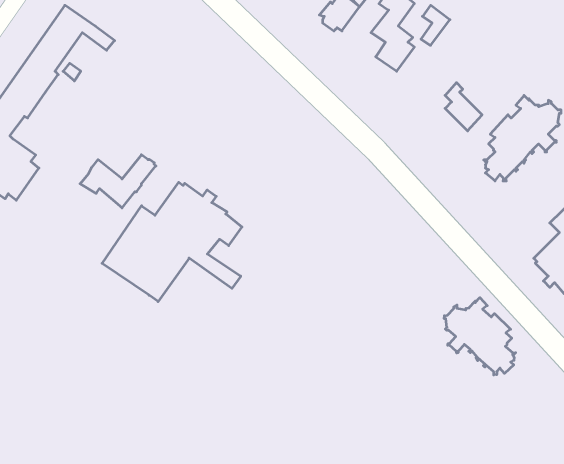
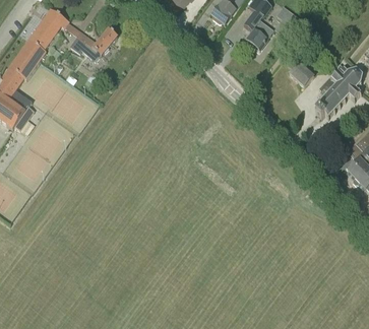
building: [80,155,156,208] -> [69,28,117,62]
building: [102,182,242,302] -> none
building: [444,298,516,375] -> none

